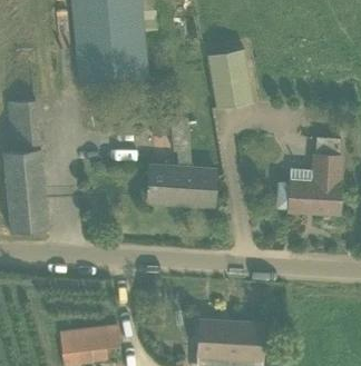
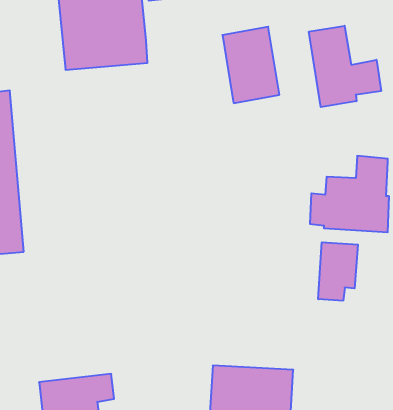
building: none -> [309,26,381,107]
building: [146,115,216,205] -> none
building: none -> [318,242,358,301]

